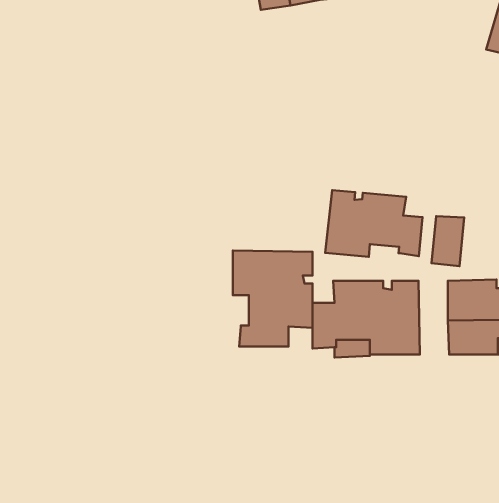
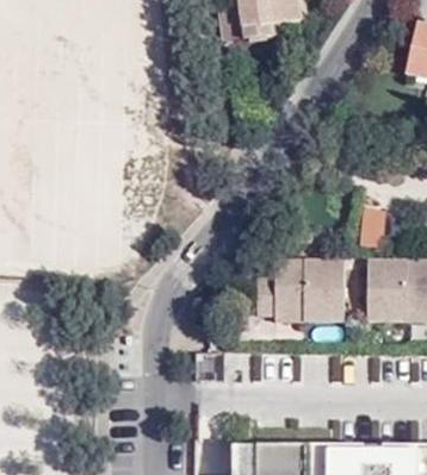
building: [325,190,422,257] -> none
building: [233,251,312,346] -> none

